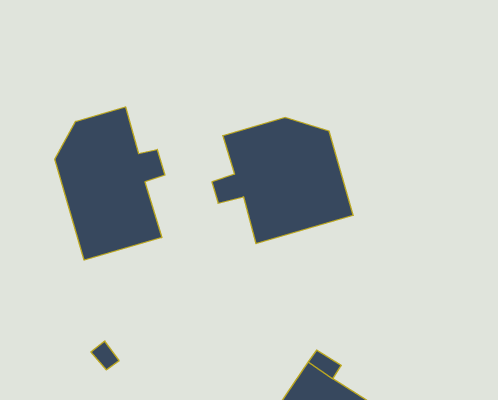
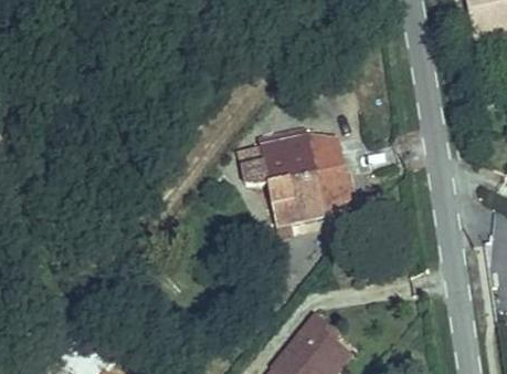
building: [55,107,165,260] -> none

